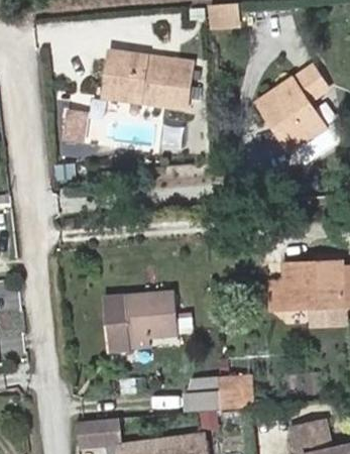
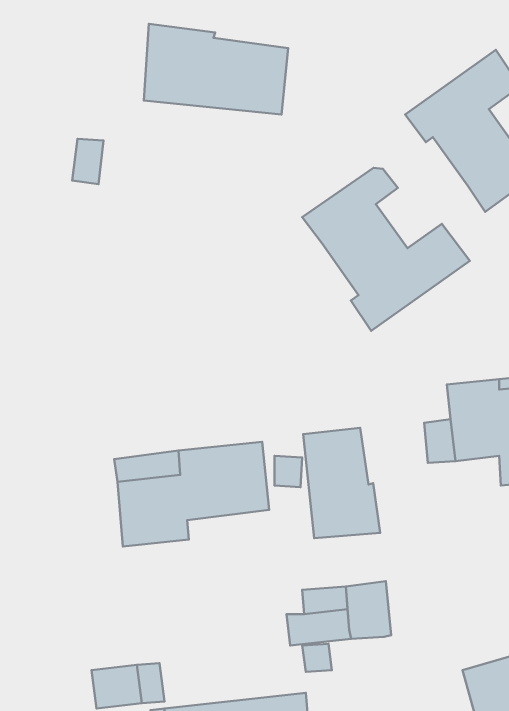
building: none -> [302,168,470,331]
building: none -> [303,428,380,538]

